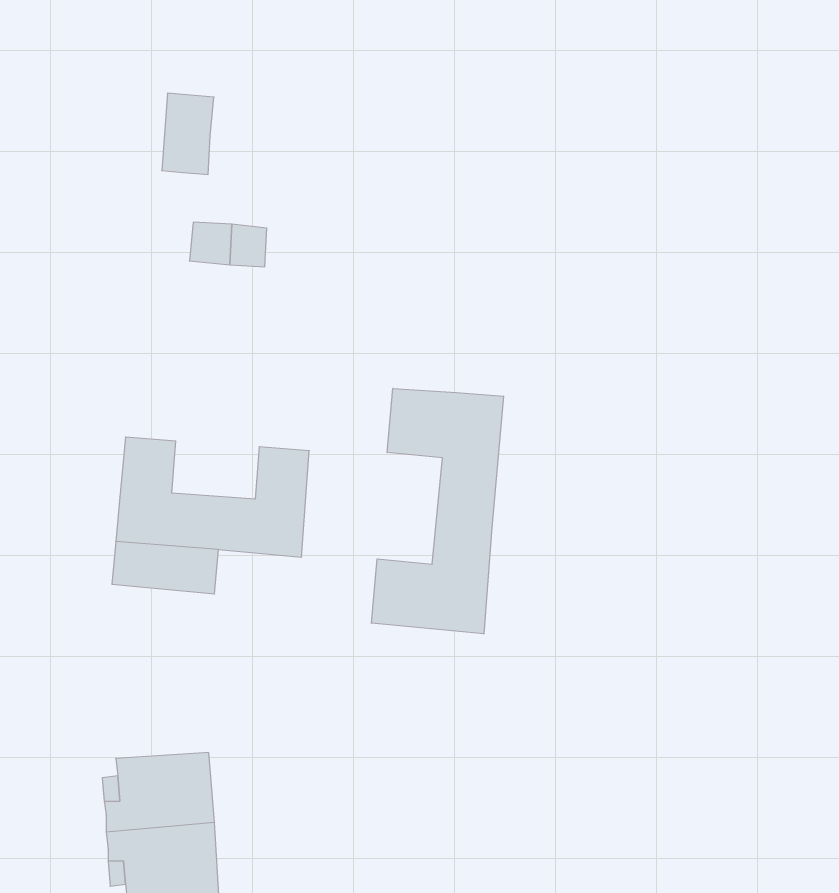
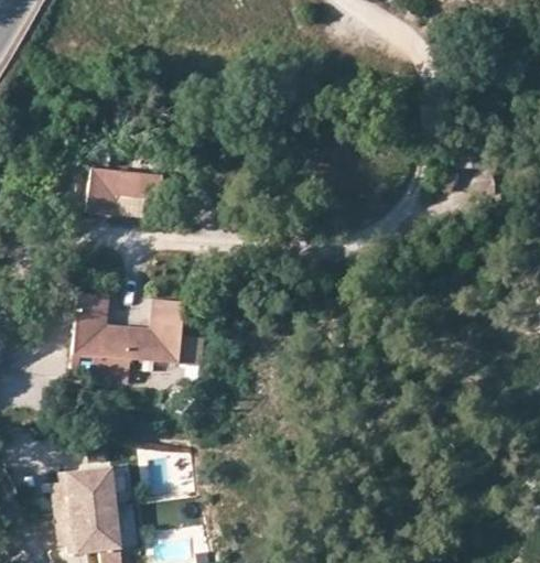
building: [162,93,214,175] -> [86,167,116,214]
building: [371,388,504,634] -> none

